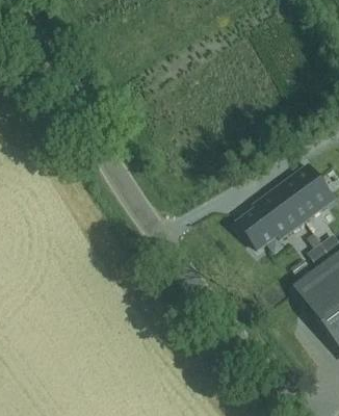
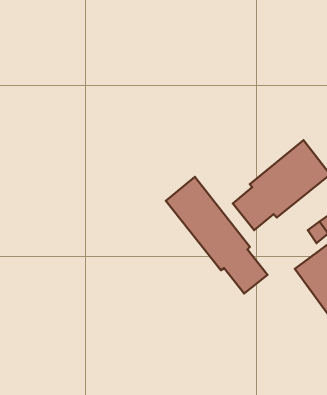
building: none -> [166,177,267,294]

